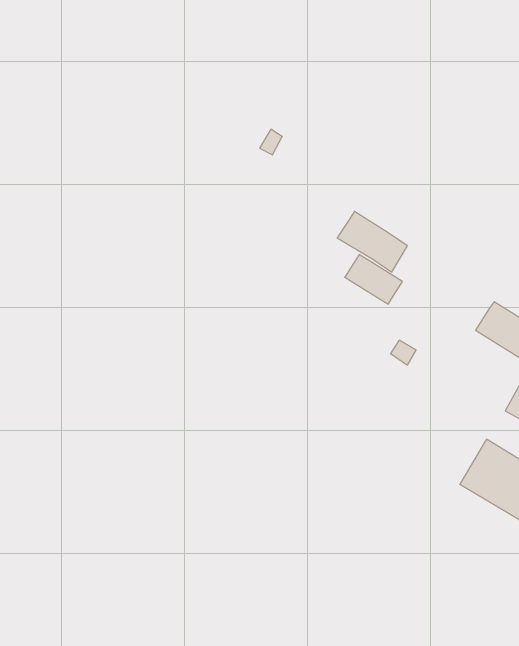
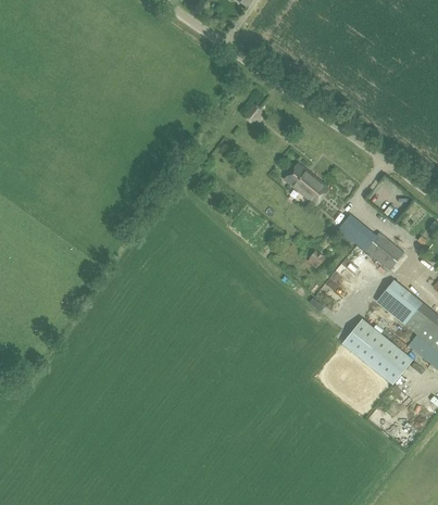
building: [345,255,402,304] -> [338,215,374,249]

